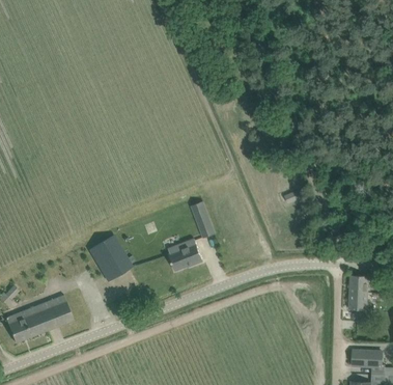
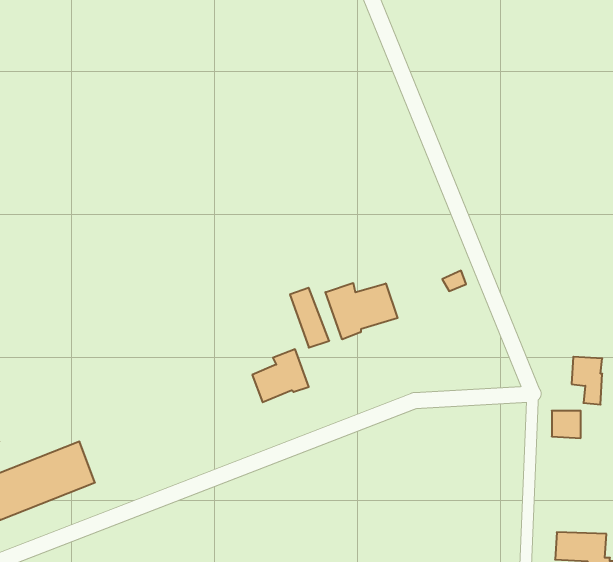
building: none -> [325,283,398,339]
building: [88,235,132,281] -> none
building: [348,292,367,321] -> [572,357,602,405]

